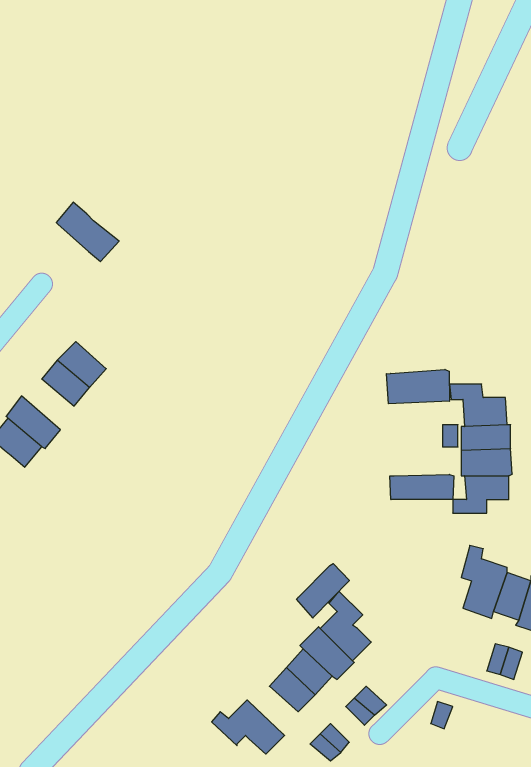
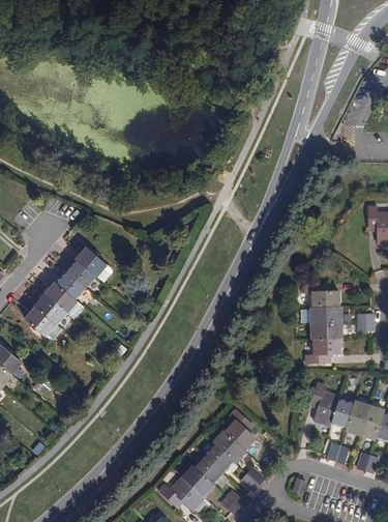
building: [56,202,119,262] -> [76,244,114,281]
building: [386,369,449,404] -> none
building: none -> [43,280,78,312]
building: [390,474,454,500] -> none
building: [297,564,349,618] -> none
building: none -> [182,466,213,497]

